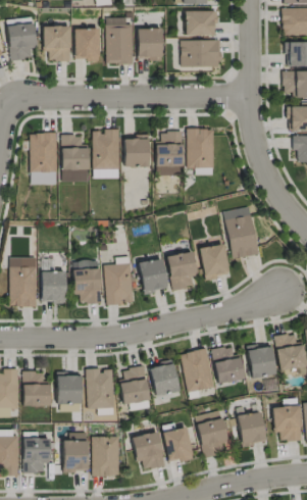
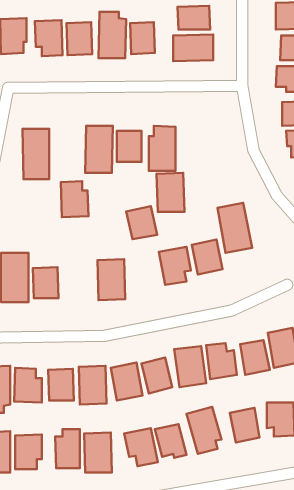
building: [187,129,214,167] -> [157,173,184,212]
building: [61,135,89,170] -> [61,181,88,217]
building: [138,258,168,291] -> [126,206,157,239]
building: [73,268,101,303] -> none

